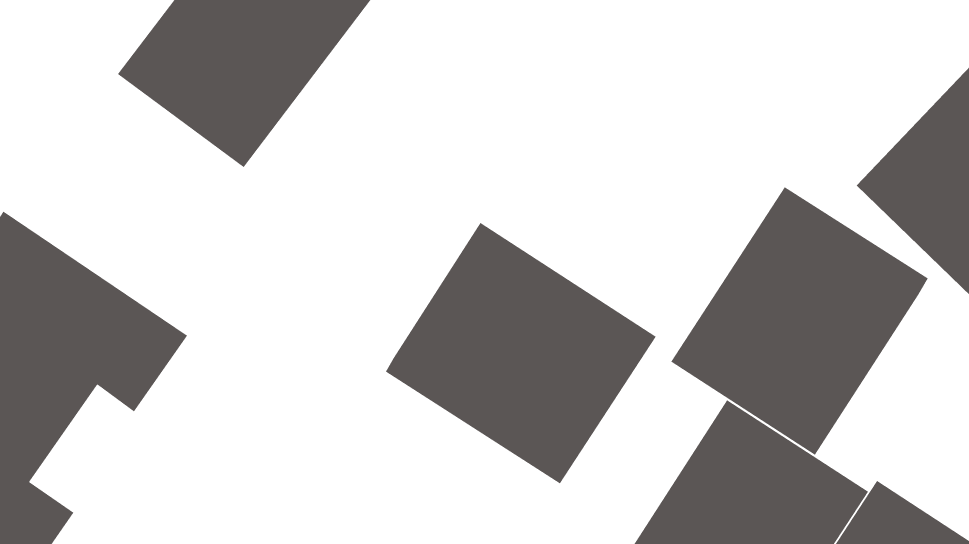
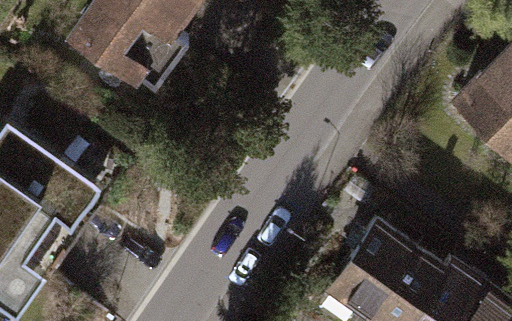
building: [670,186,929,456] -> none
building: [385,222,657,484] -> none

